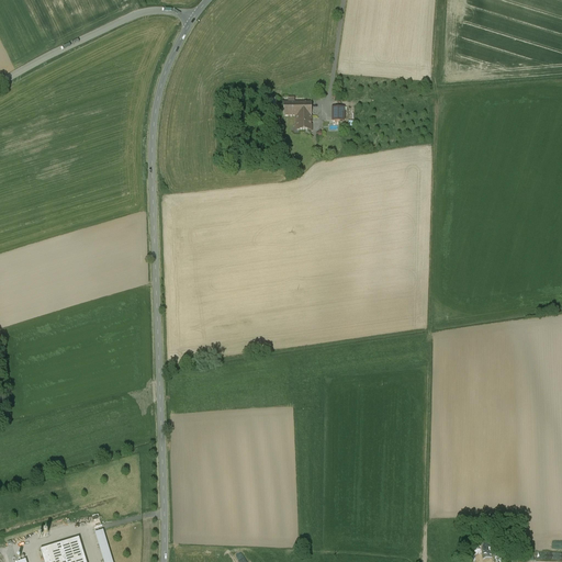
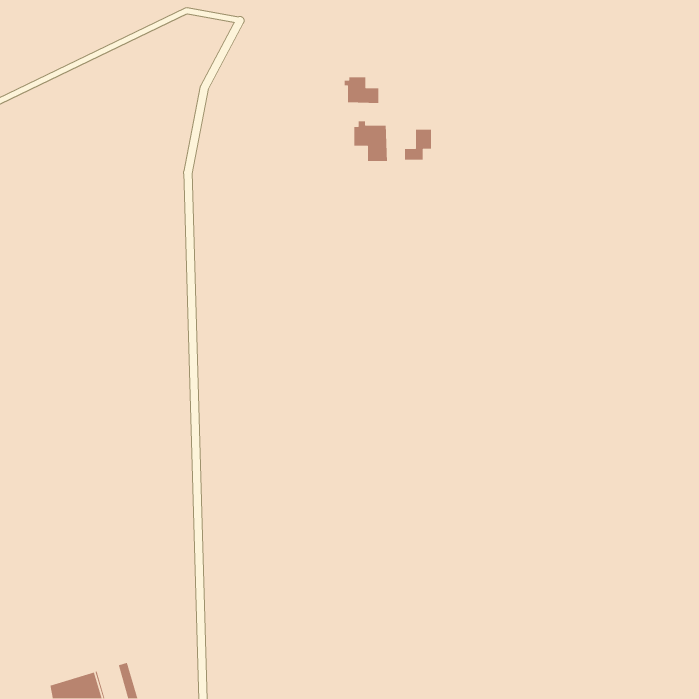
building: none -> [344,76,379,104]

